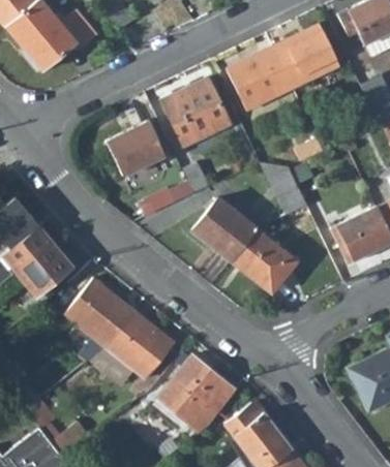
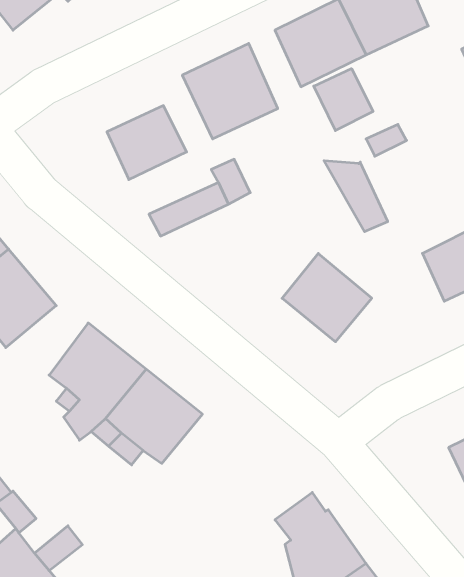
building: none -> [314,69,373,131]
building: [194,195,261,260] -> none
building: [159,355,237,432] -> none

